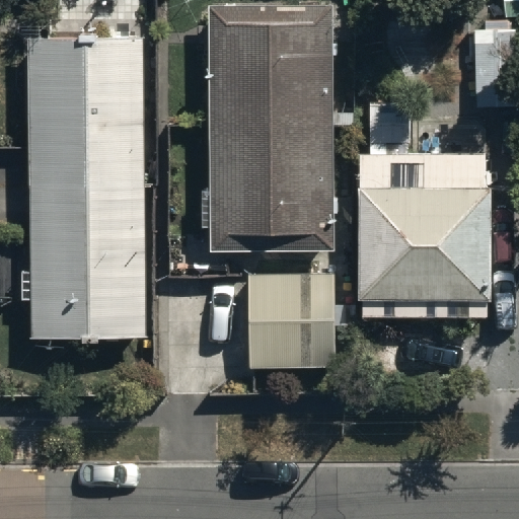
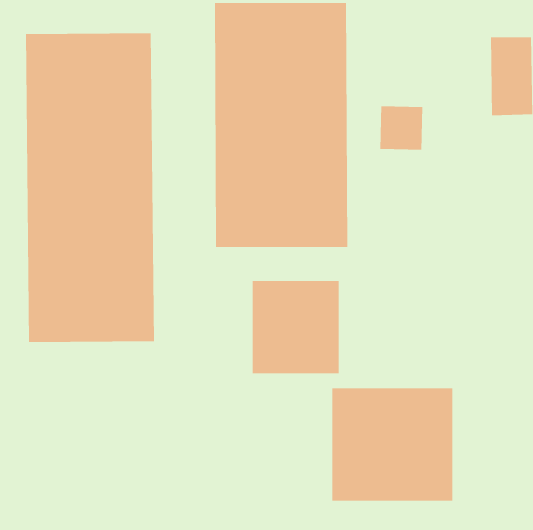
building: [361,163,490,321] -> none
building: none -> [331,388,453,502]

